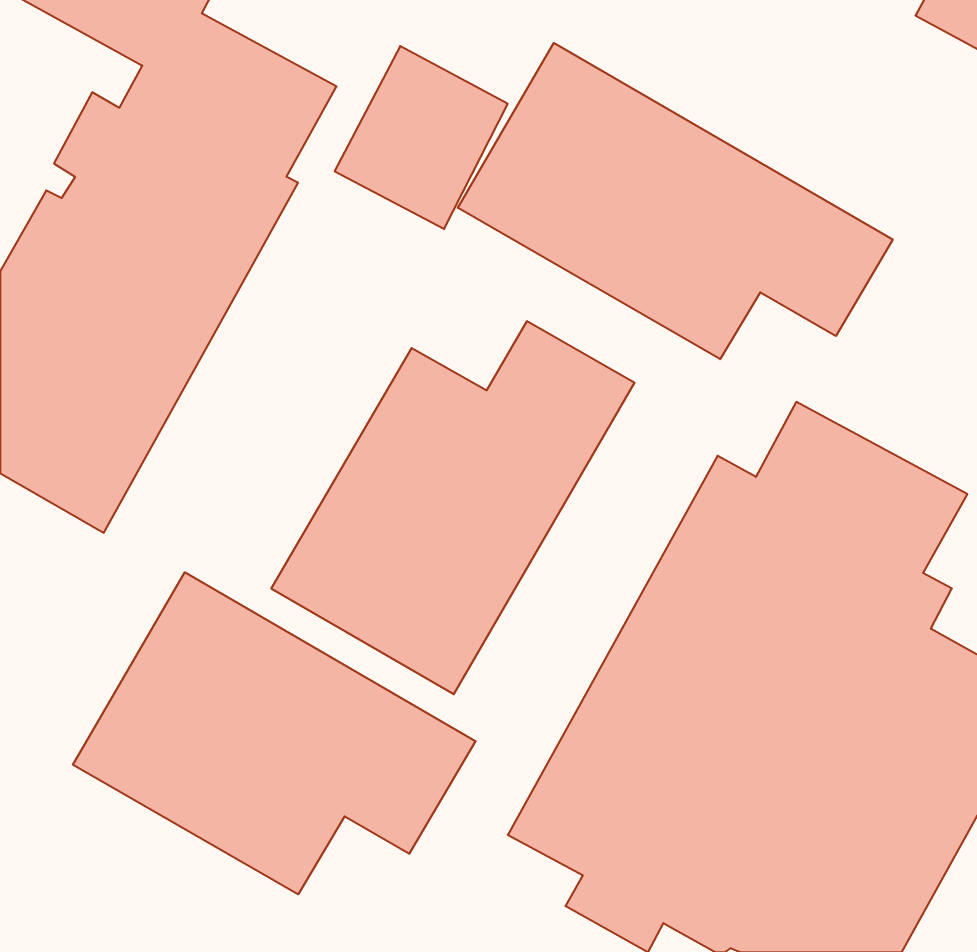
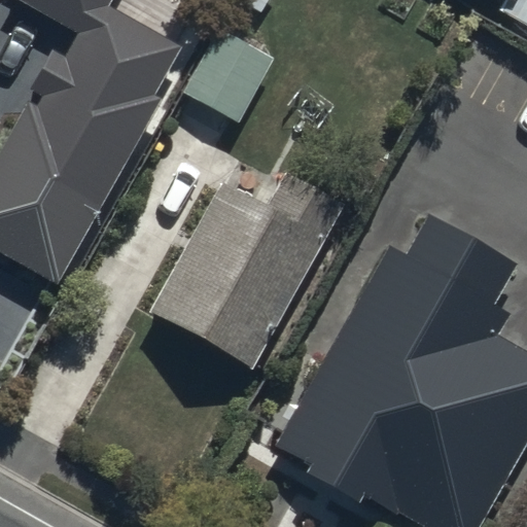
building: [458,43,893,359] -> none
building: [73,572,476,894] -> none

